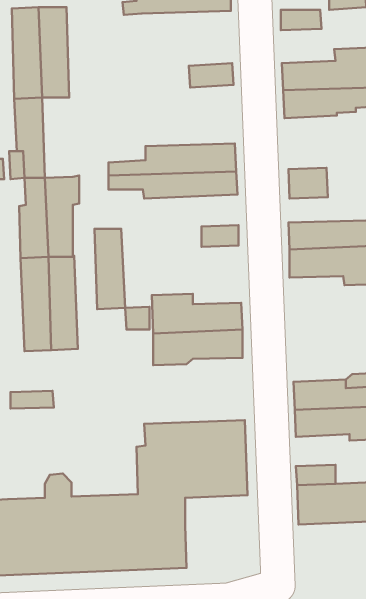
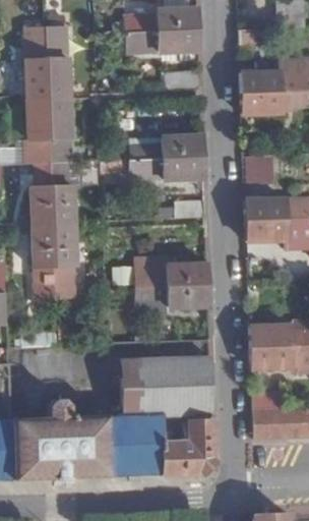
building: none -> [127,30,199,54]
building: [95,229,125,309] -> [48,99,72,163]
building: none -> [162,422,213,474]

